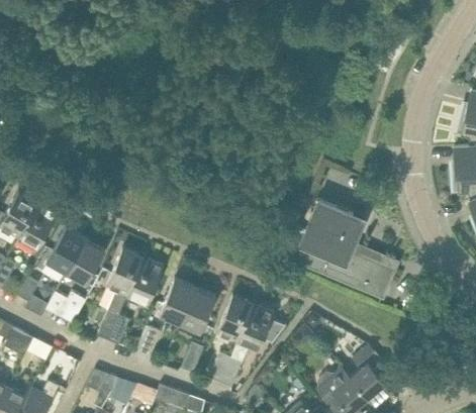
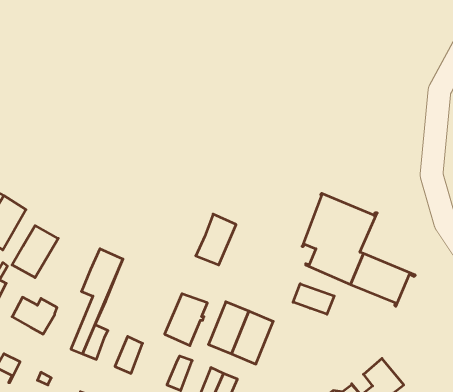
building: [67,239,106,285] -> none
building: [128,257,165,303] -> none
building: [160,279,195,323] -> [196,214,236,265]
building: none -> [293,284,334,314]

